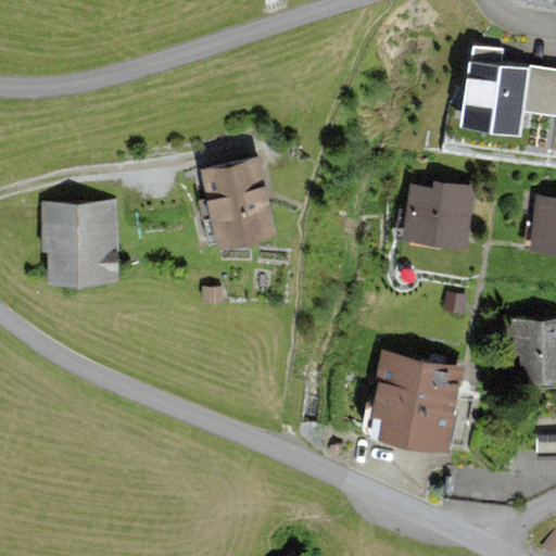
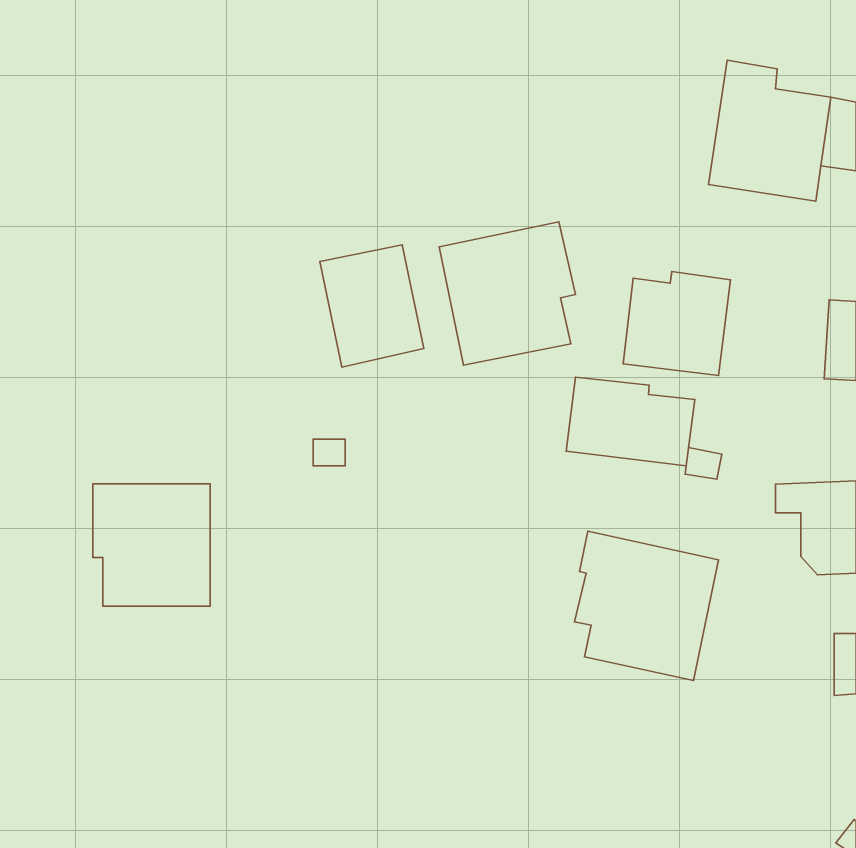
building: none -> [439,222,575,365]
building: [42,206,118,286] -> [93,484,210,606]
building: none -> [566,377,695,466]

